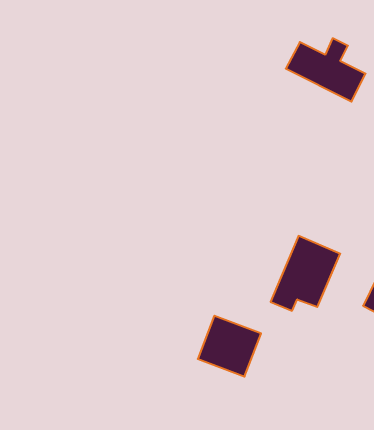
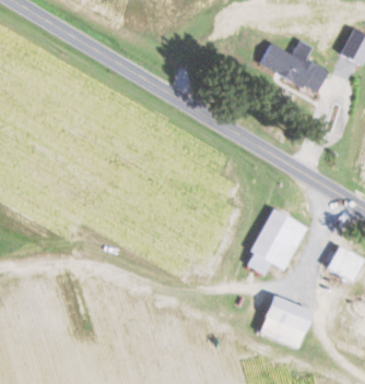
building: [198,316,261,377] -> [257,296,311,348]

